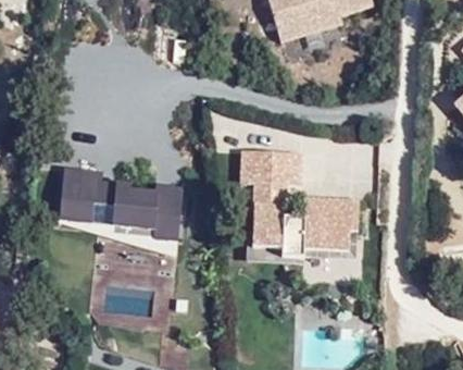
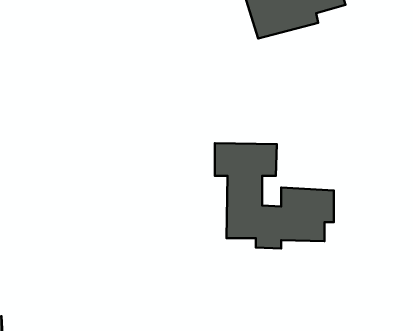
building: [54,165,184,238] -> none

